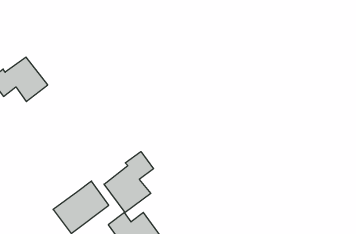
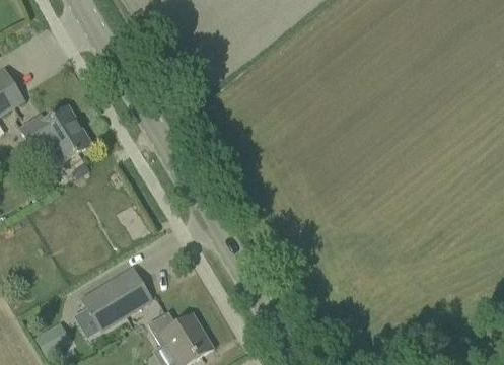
building: [104,152,154,212] -> none

